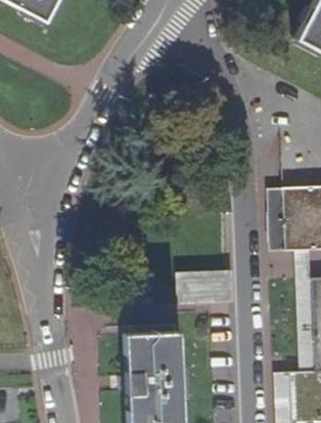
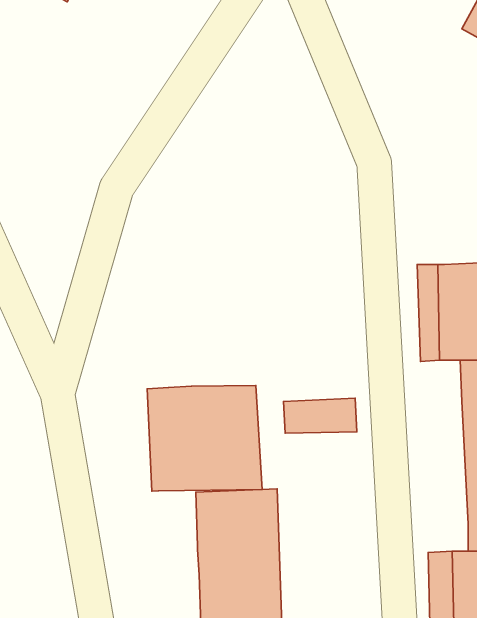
building: none -> [147,385,262,491]

